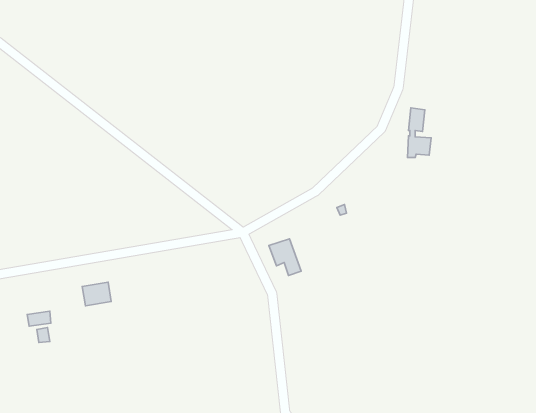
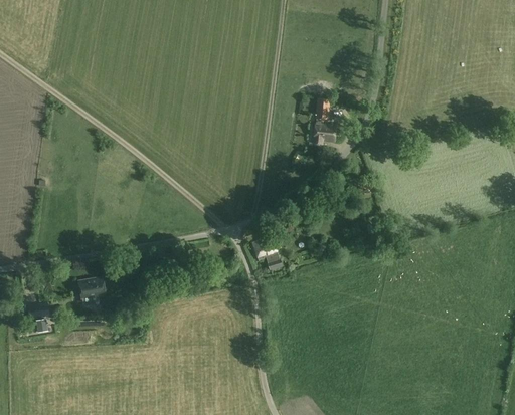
building: [408,108,431,157] -> [314,98,336,145]

